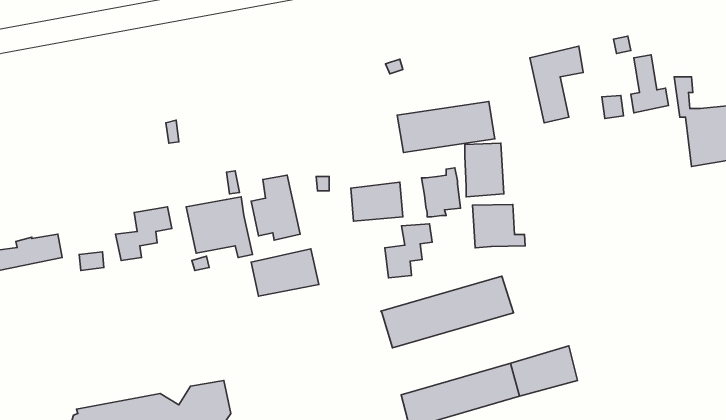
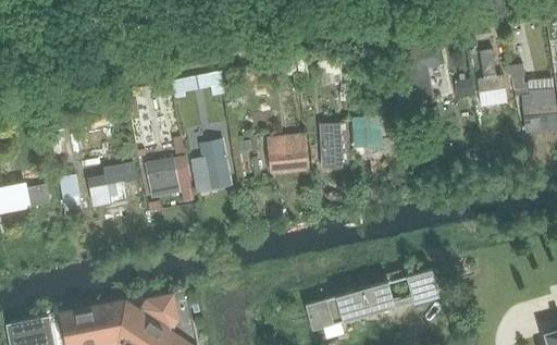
building: [397,101,495,152] -> none
building: [473,204,525,248] -> none
building: [385,224,432,278] -> none
building: [251,249,319,296] -> none
building: [381,276,513,348] -> none

